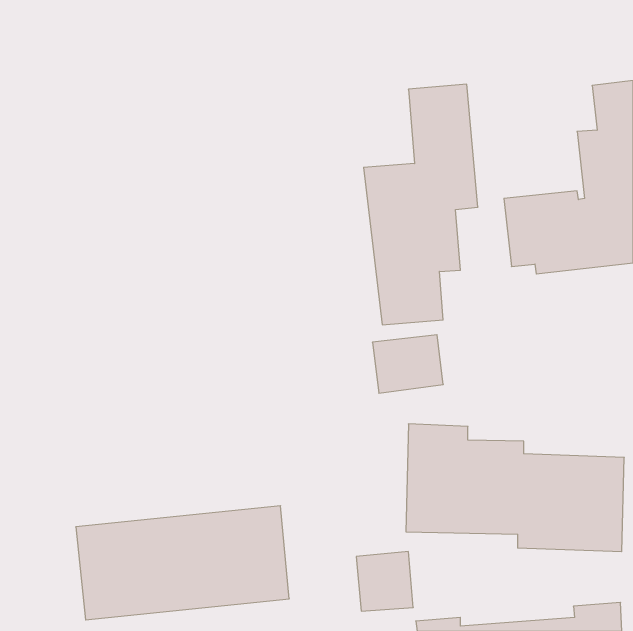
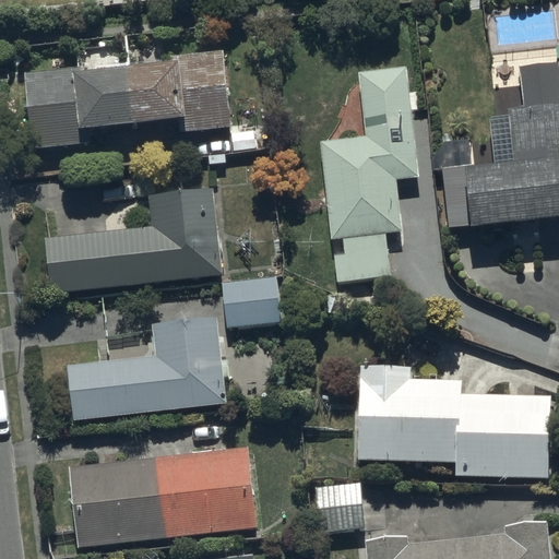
building: none -> [24,48,229,145]
building: none -> [41,187,222,293]
building: [372,335,443,393] -> [221,275,283,326]
building: none -> [66,316,226,419]

